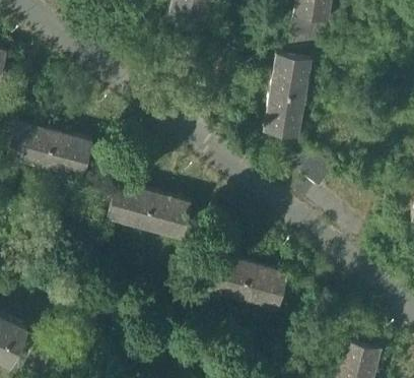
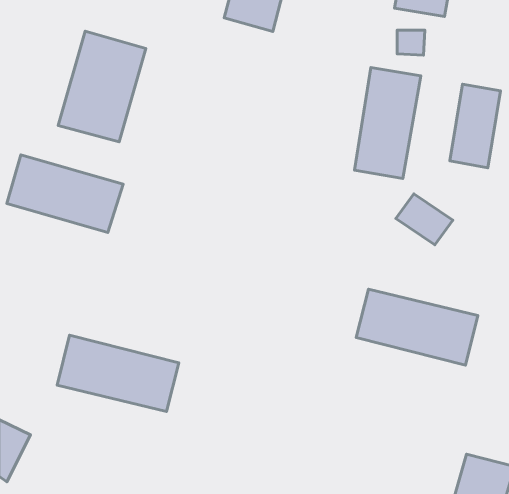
building: none -> [58,31,146,142]
building: none -> [450,84,501,168]
building: [104,184,193,240] -> [57,335,179,411]
building: [201,253,290,309] -> [356,289,478,365]

